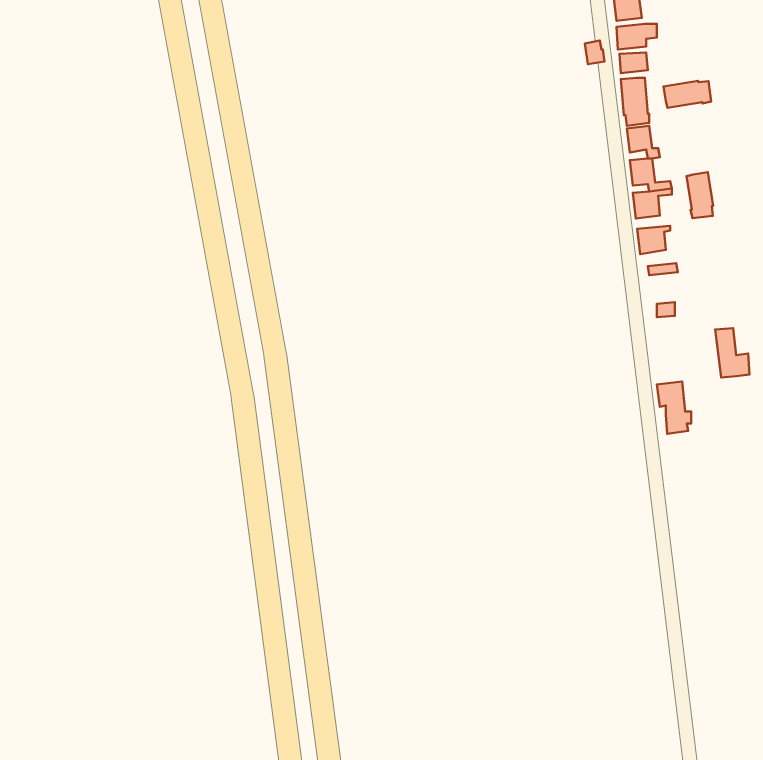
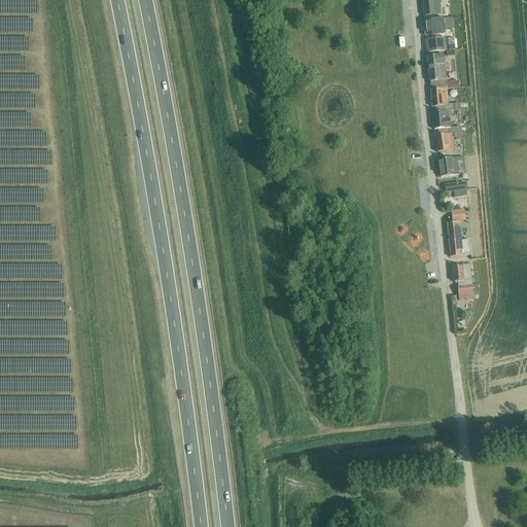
building: [663,81,711,108] -> none
building: [687,172,713,218] -> none
building: [715,328,750,378] -> [448,220,471,254]

